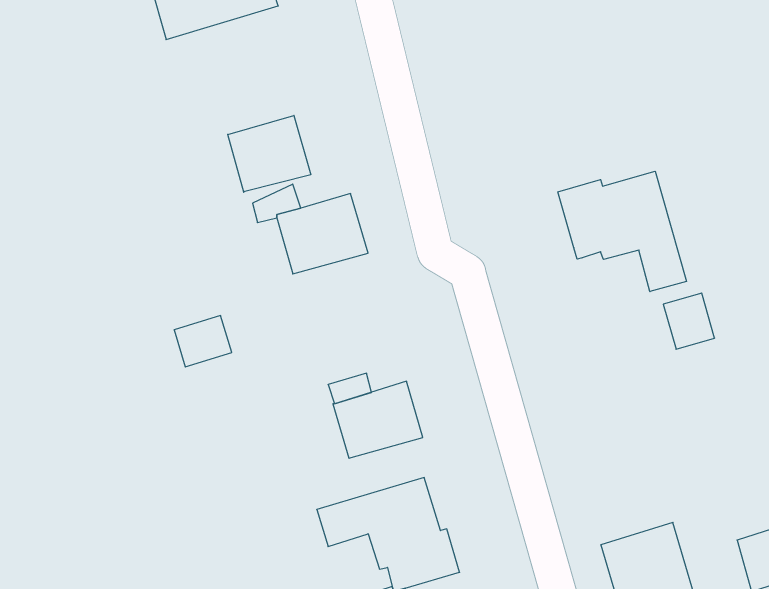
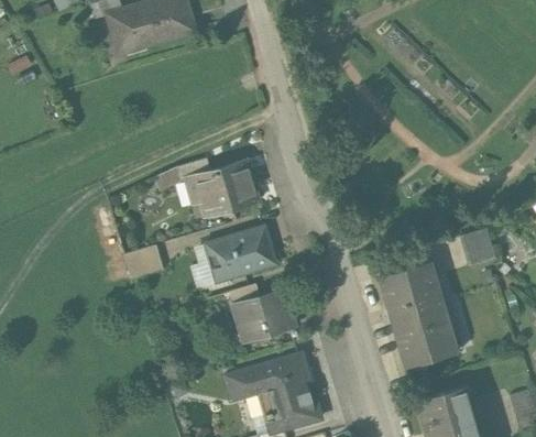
building: [228,115,311,192] -> none
building: [558,171,687,292] -> none
building: none -> [205,227,275,281]
building: none -> [380,262,461,367]

